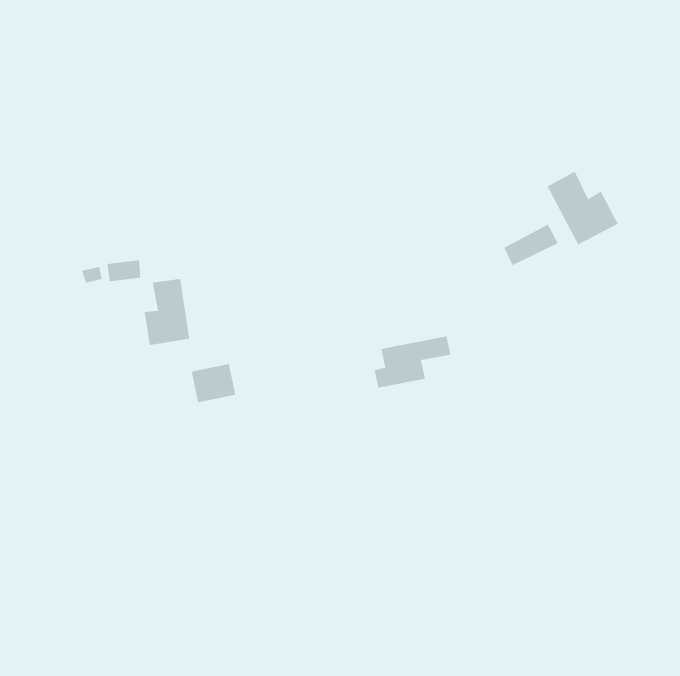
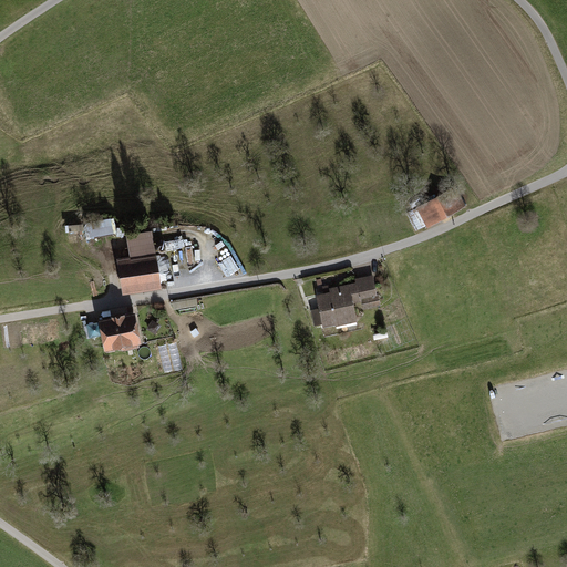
building: [546,170,619,245] -> none
building: [191,363,236,403] -> [100,317,137,350]

